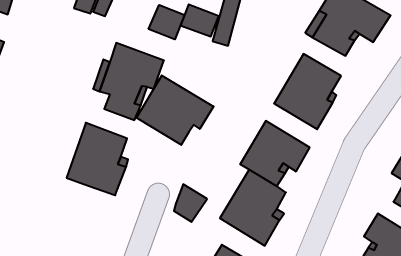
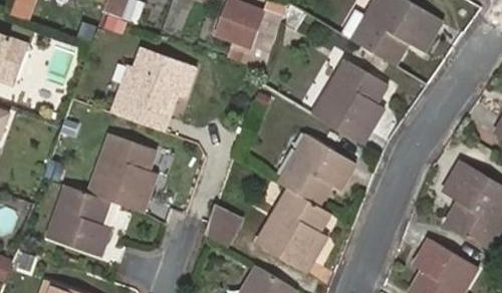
building: [149,5,185,39] -> none
building: [136,75,214,145] -> none
building: none -> [52,190,109,259]

